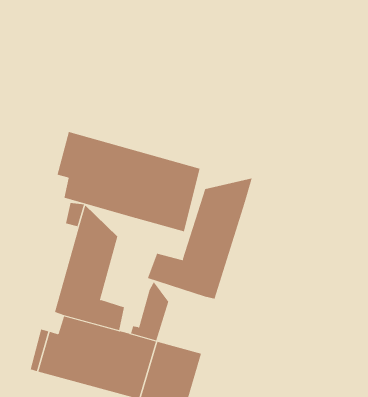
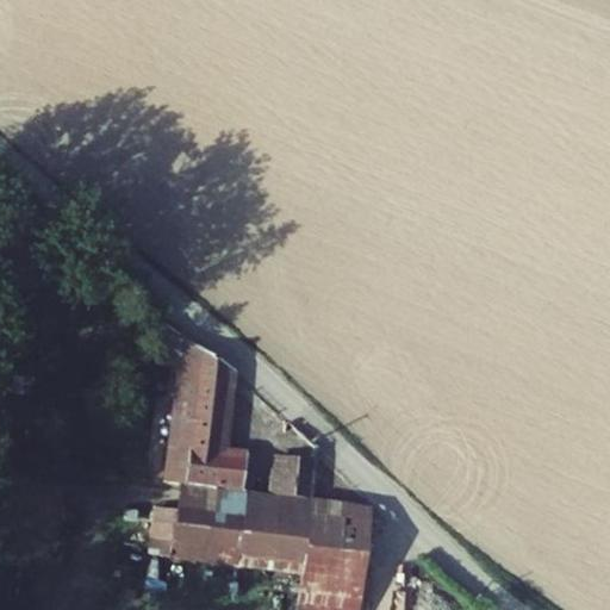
building: [57,131,200,232] -> none
building: [147,177,253,299] -> none

